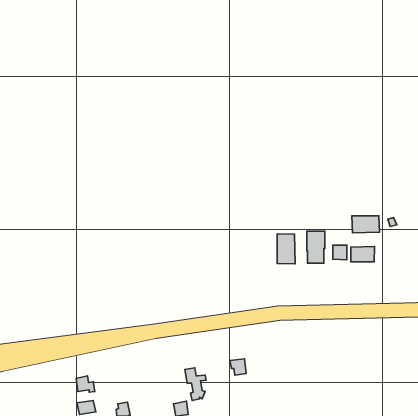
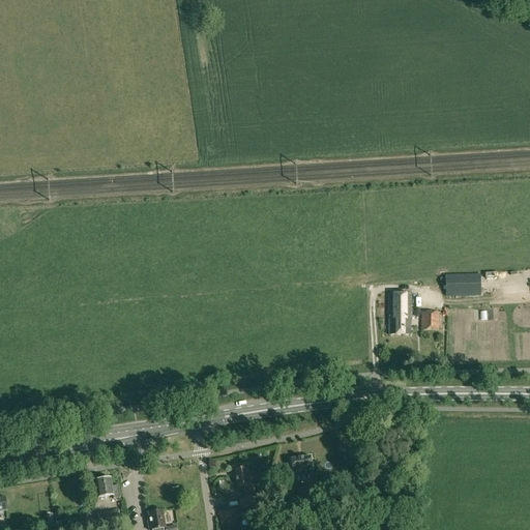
building: [277,234,295,264] -> none
building: [351,247,374,262] -> none

